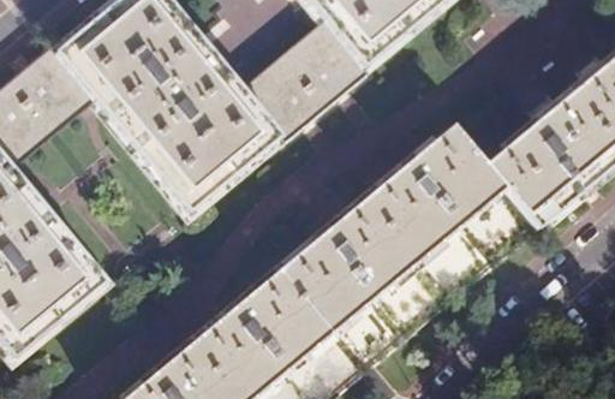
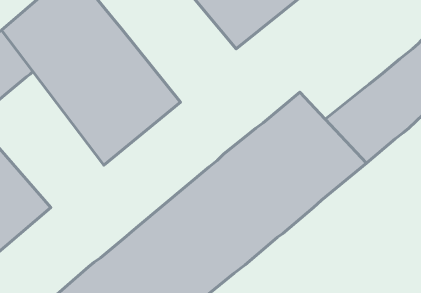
building: [243,18,363,141] -> none

